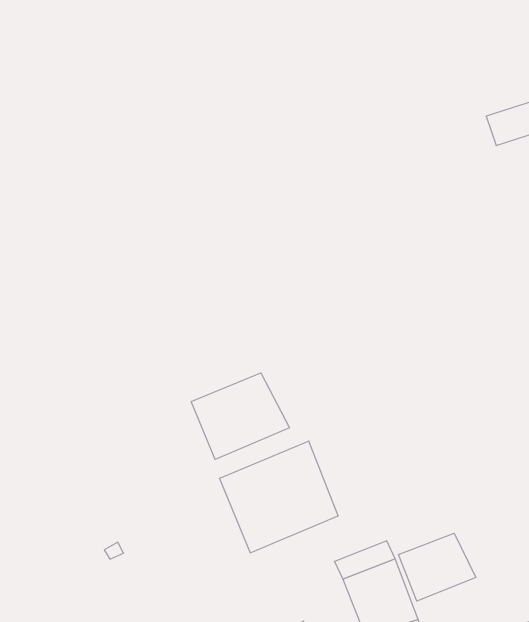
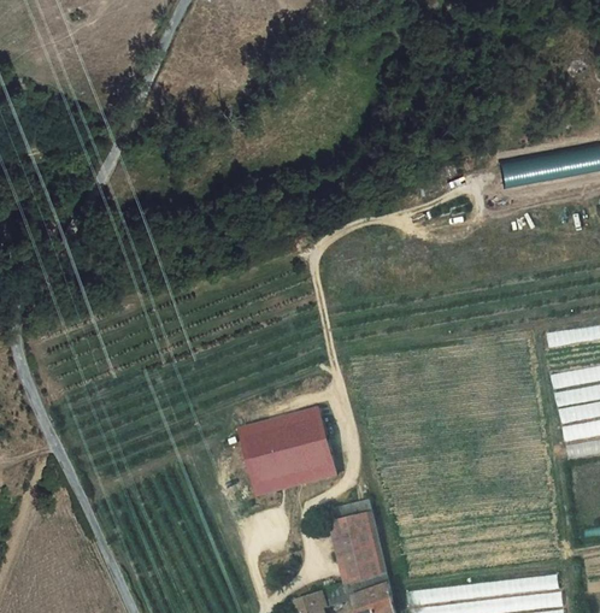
building: [191,373,289,459] -> none
building: [399,533,476,601] -> none

